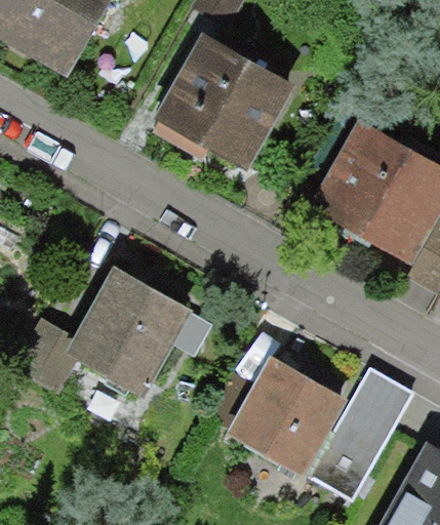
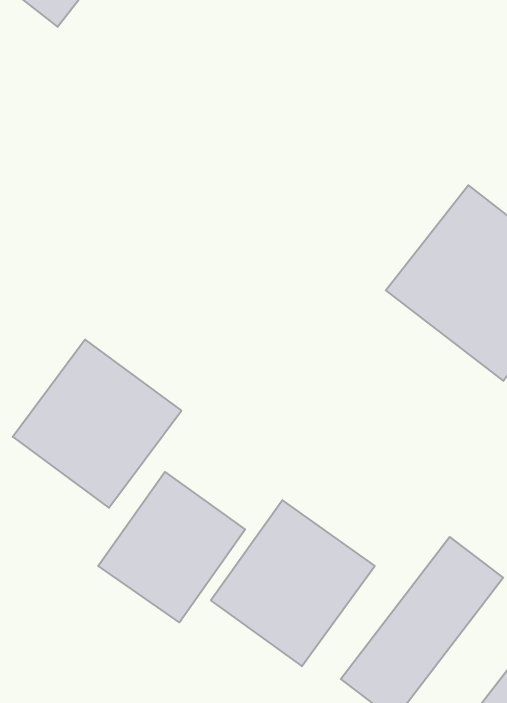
building: [155,34,288,165] -> none
building: none -> [98,472,245,622]

